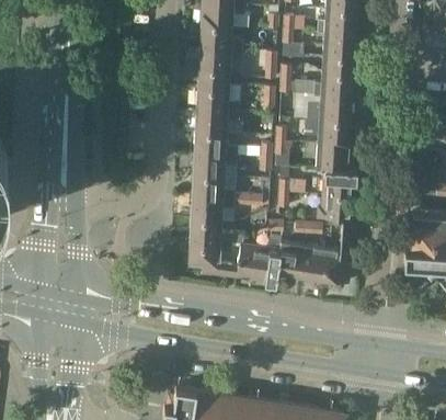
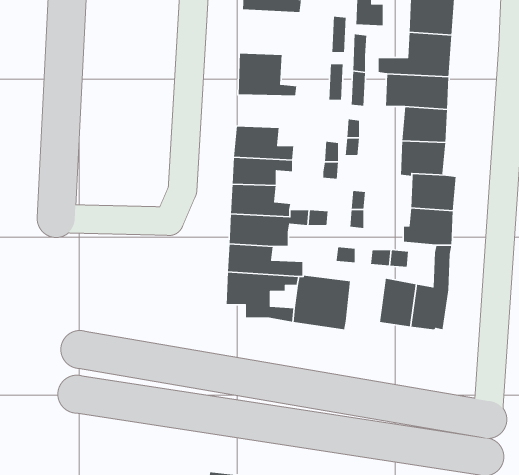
building: [198,46,243,79] -> none
building: [196,109,240,133] -> none
building: [277,239,306,276] -> none

